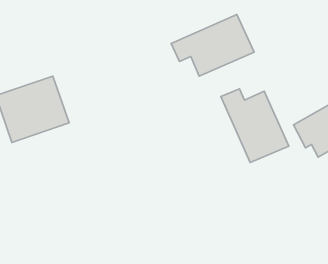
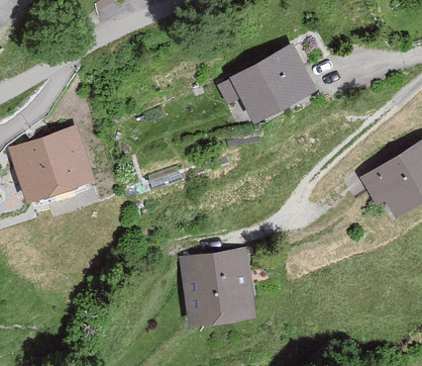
building: [221,89,289,163] -> none
building: none -> [181,249,256,330]

